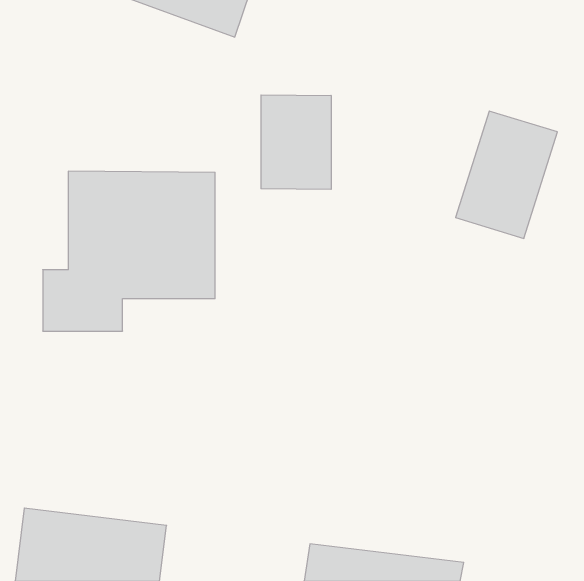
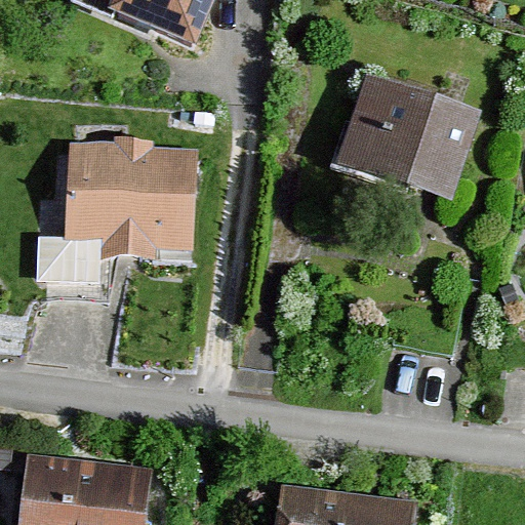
building: none -> [342,78,434,193]
building: [261,95,331,189] -> none

